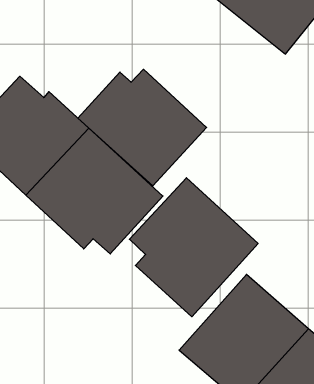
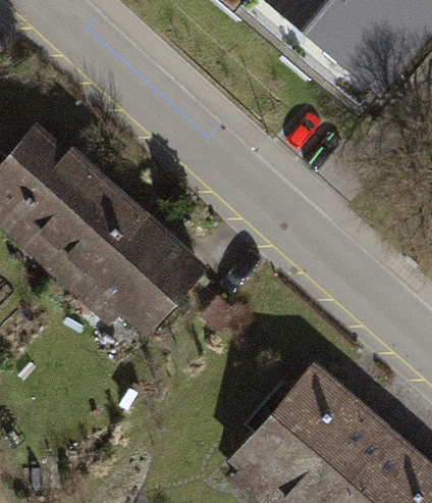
building: [78,69,207,186] -> none
building: [129,178,258,317] -> none

